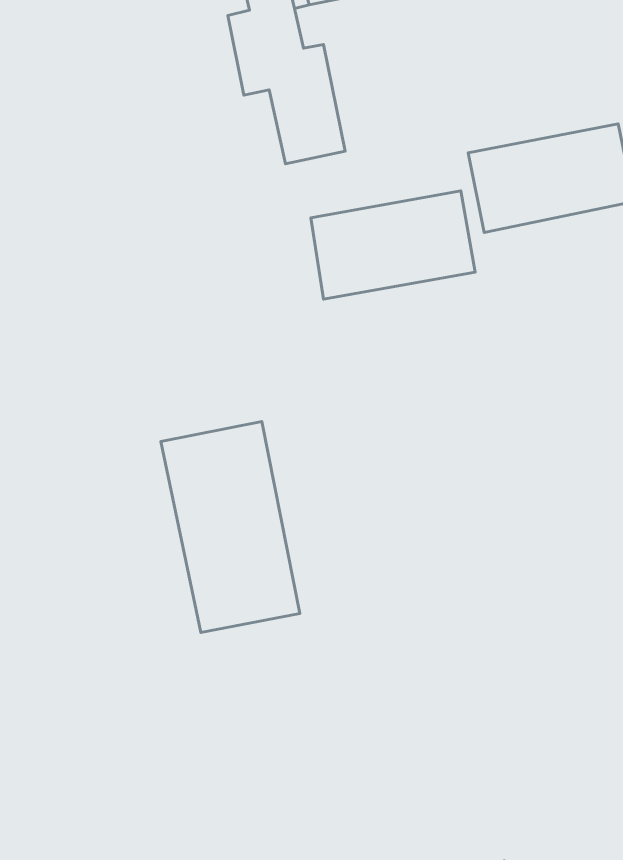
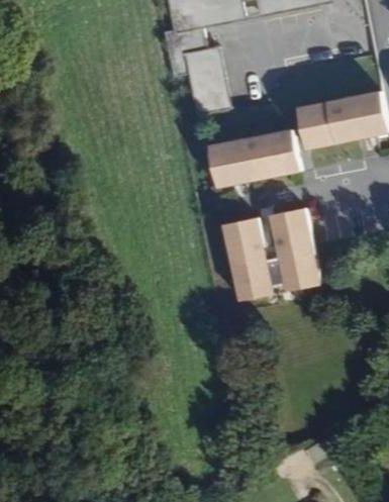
building: none -> [223,207,319,302]
building: [161,421,300,632] -> none

